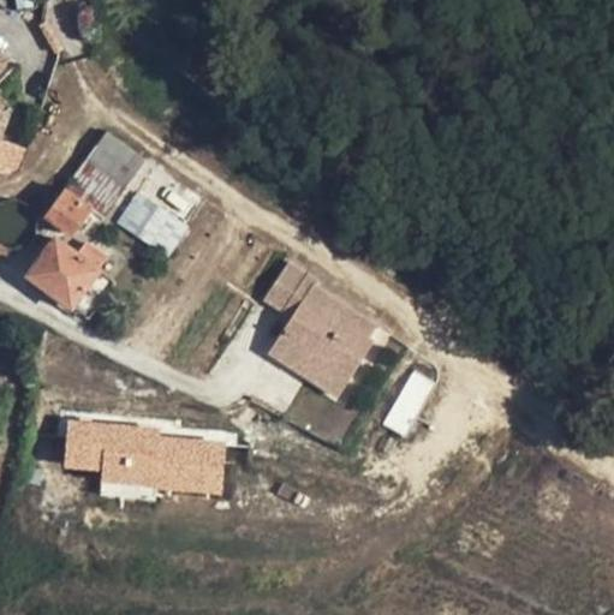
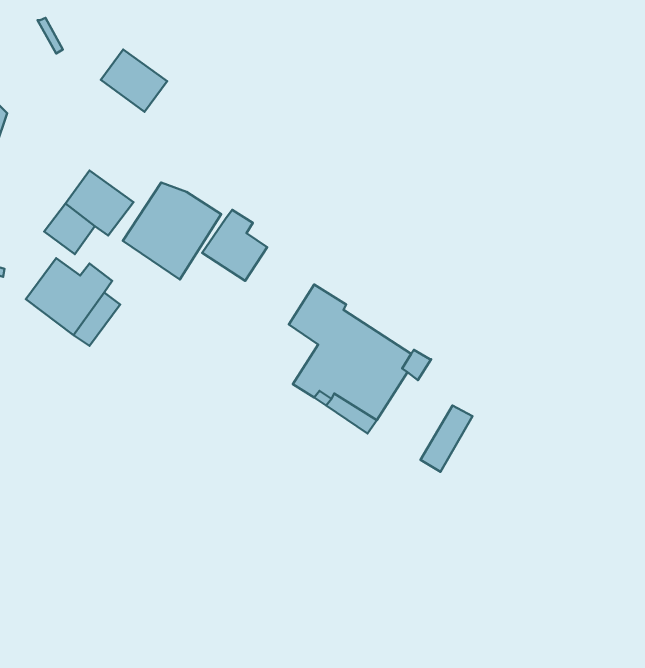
building: [84,133,144,190] -> [101,49,167,112]
building: none -> [202,210,267,281]
building: [59,418,214,490] -> none

